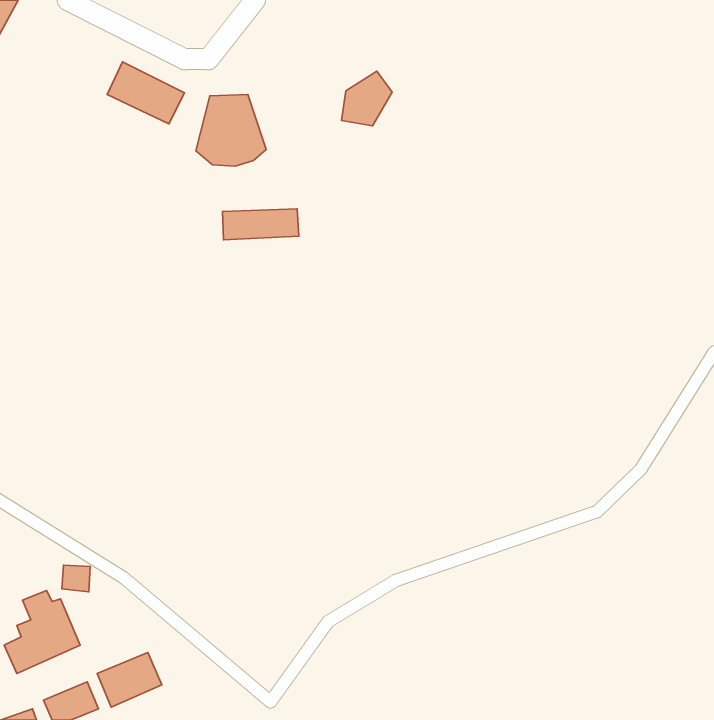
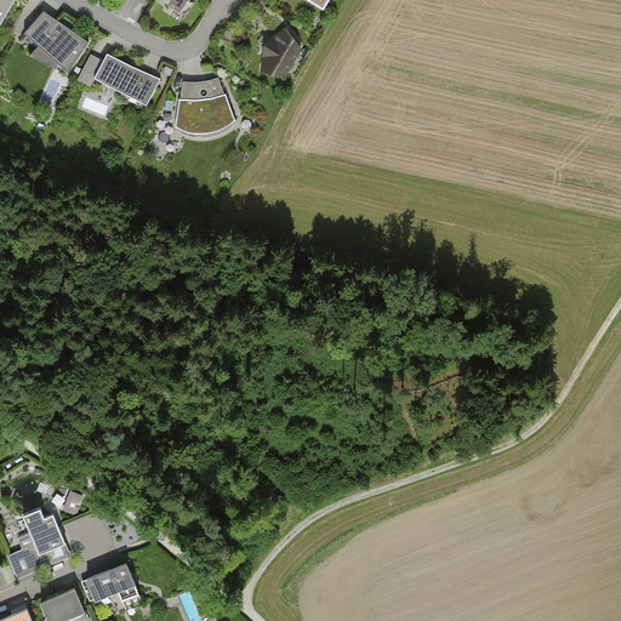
building: none -> [25,13,86,70]
building: [341,71,392,126] -> [256,29,300,76]
building: [222,209,299,240] -> none

